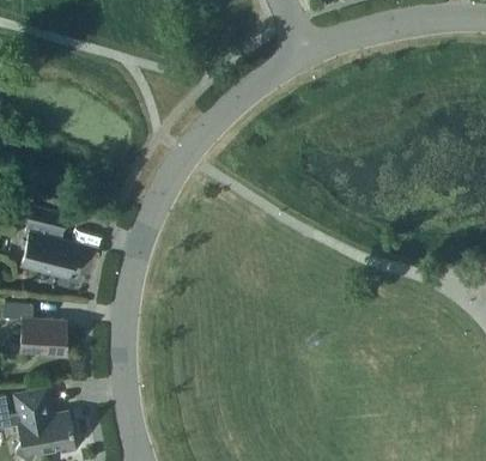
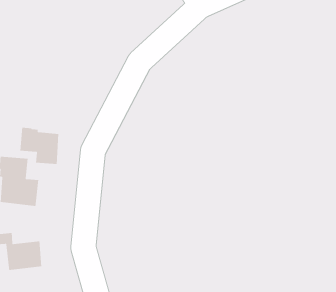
building: none -> [19,127,59,165]

